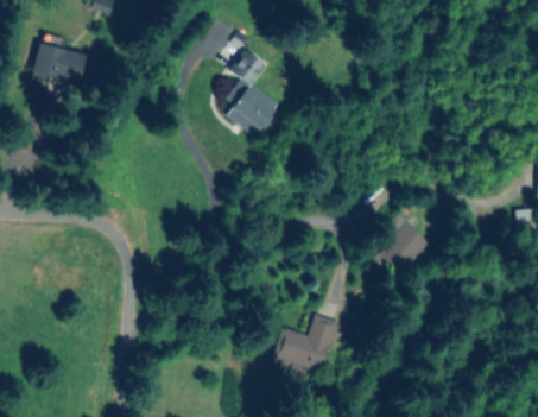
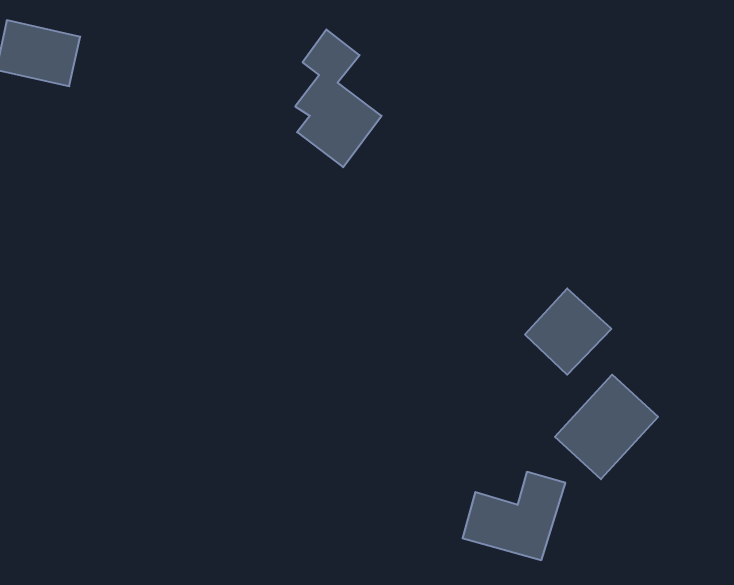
building: none -> [555,375,658,479]
building: [272,315,338,372] -> [462,472,565,560]

